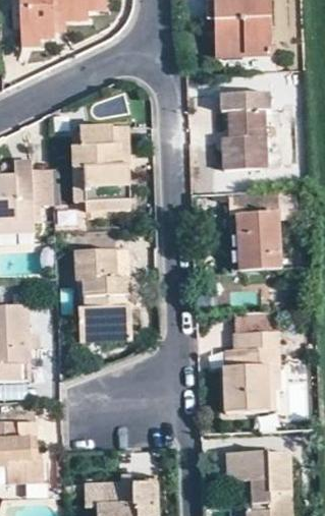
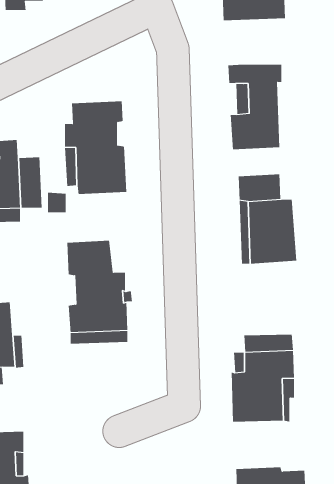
building: [232,310,277,335] -> none

